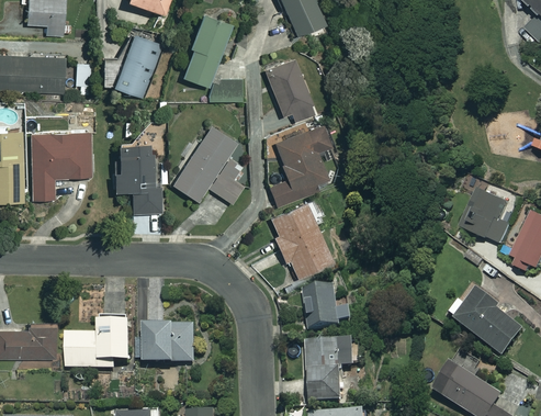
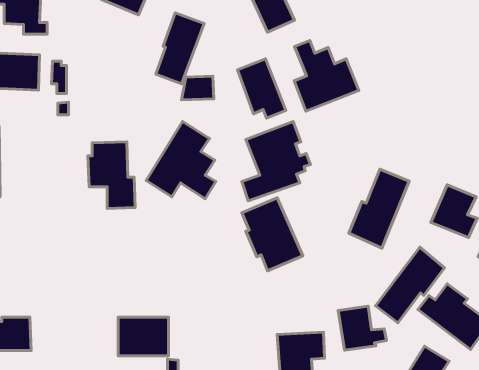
building: [103,31,165,100] -> none
building: none -> [294,40,359,111]
building: [31,132,91,200] -> none
building: none -> [349,169,409,248]
building: none -> [376,247,445,323]
building: [304,284,353,329] -> [338,306,386,350]
building: [67,319,132,369] -> none

